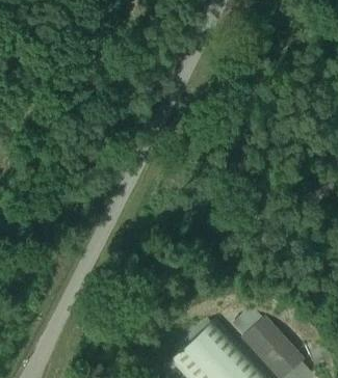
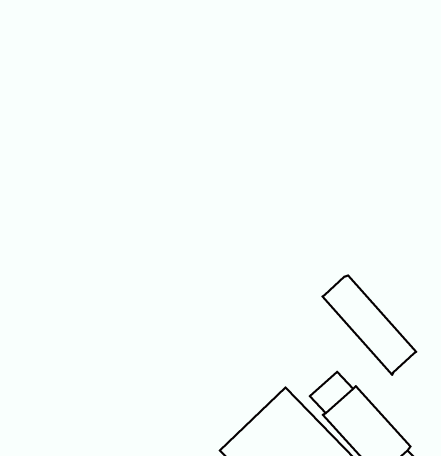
building: none -> [322,276,416,375]

